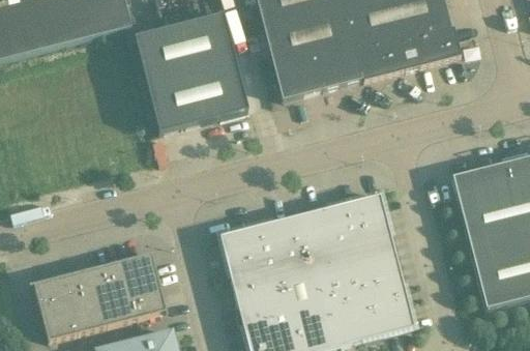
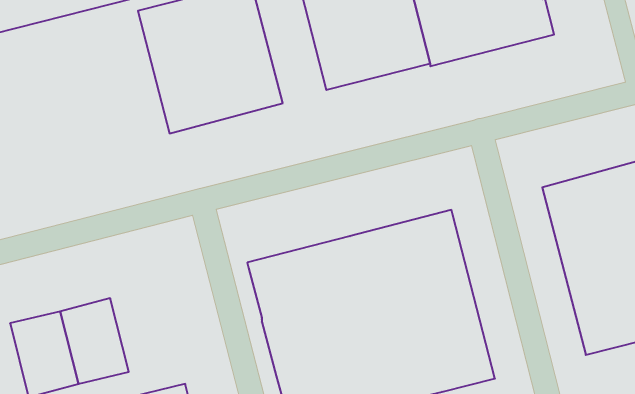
building: [111,252,165,320] -> none

